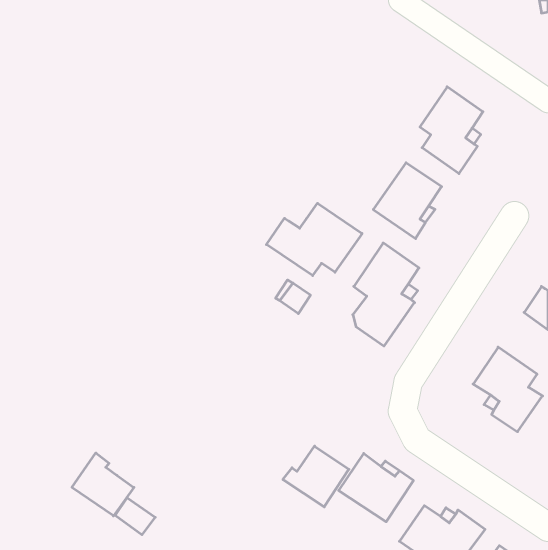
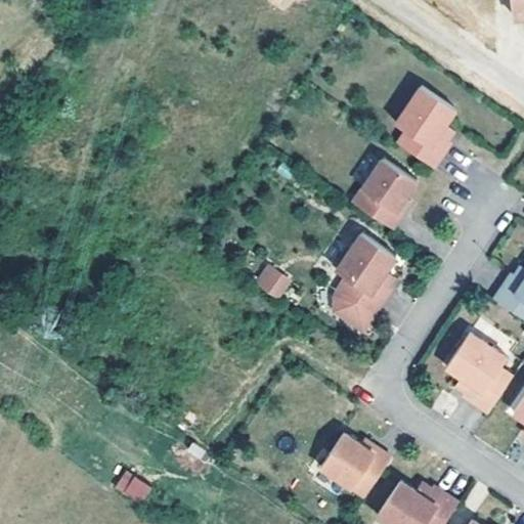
building: [266,203,362,276] -> none
building: [283,446,349,507] -> none
building: [72,453,134,516] -> none

